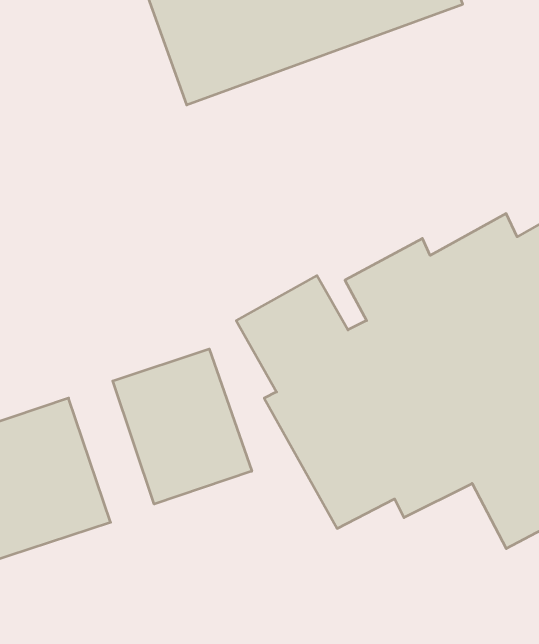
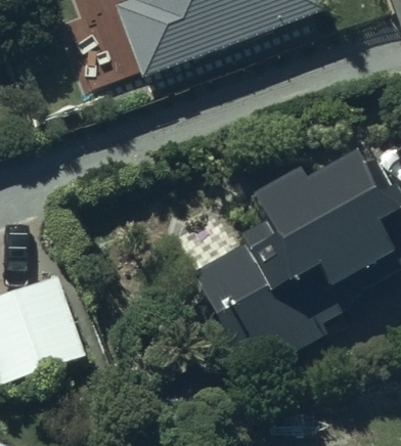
building: [113,349,252,504] -> none

